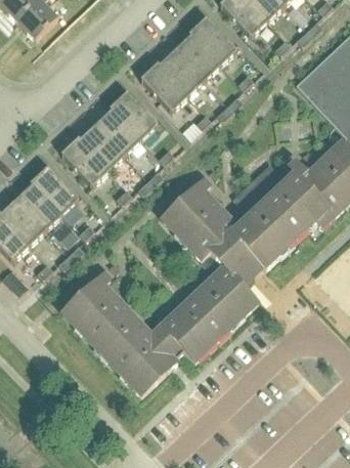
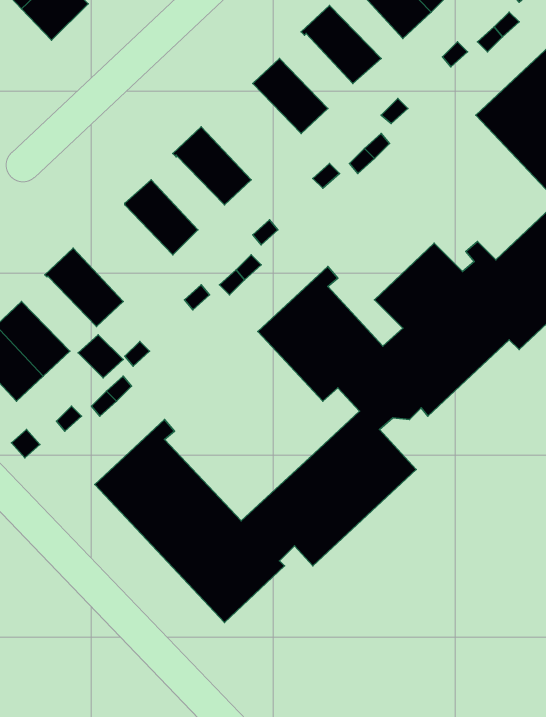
building: [175,33,220,79] -> none
building: [140,60,188,110] -> none
building: [96,108,141,154] -> none
building: [61,135,110,184] -> none
building: [16,182,62,228] -> none

